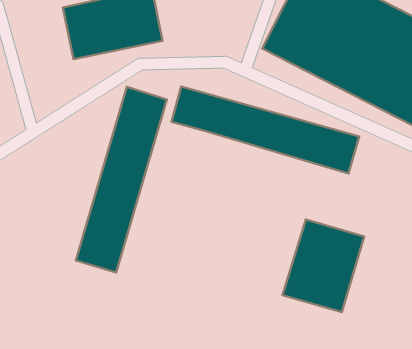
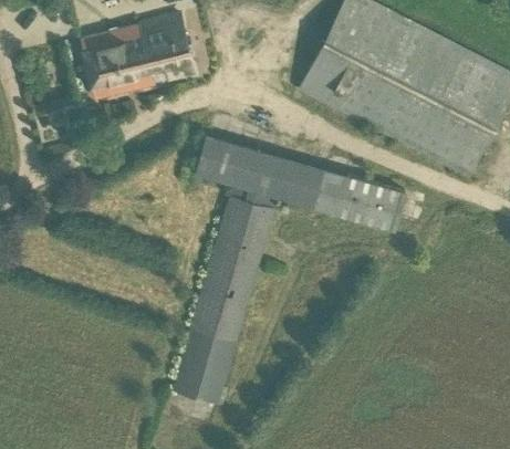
building: [76,87,167,272] -> [173,196,275,406]
building: [282,219,364,312] -> none

